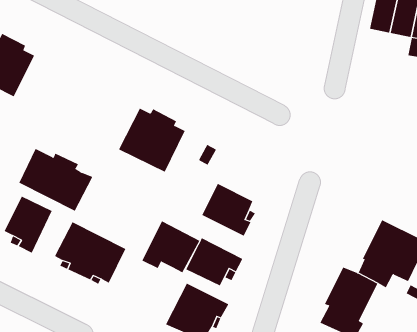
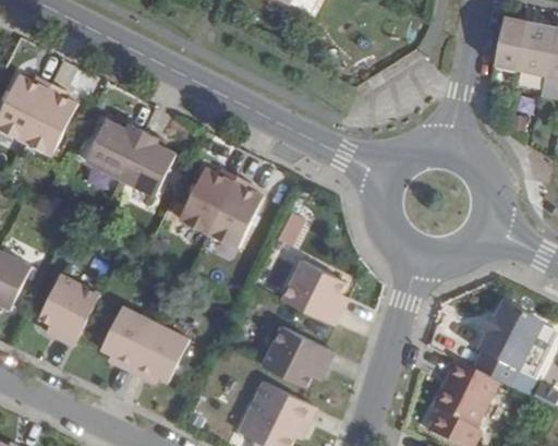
building: [18,148,93,211] -> [85,118,177,195]
building: [141,221,200,273] -> none

